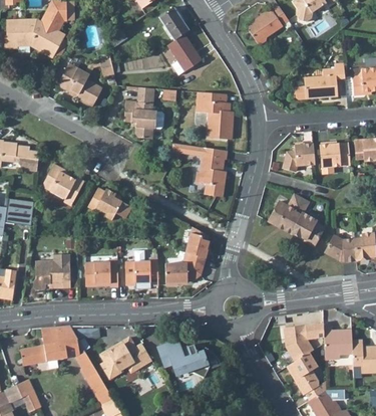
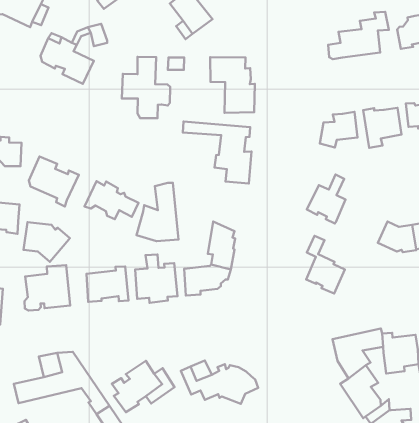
building: none -> [136,183,178,241]
building: [292,198,324,246] -> [306,236,345,294]
building: none -> [23,222,70,262]

